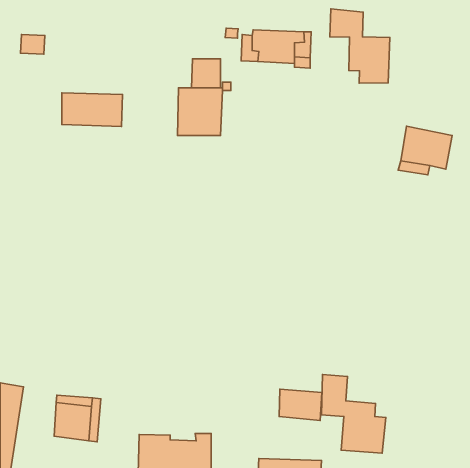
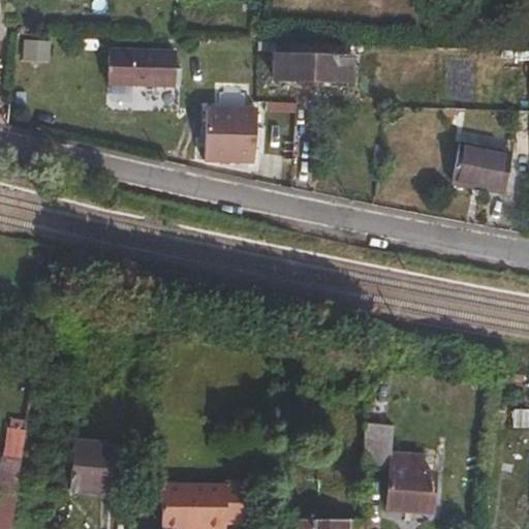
building: [330,9,390,83] -> none
building: [62,93,123,126] -> [106,49,174,86]
building: [279,389,322,421] -> none

